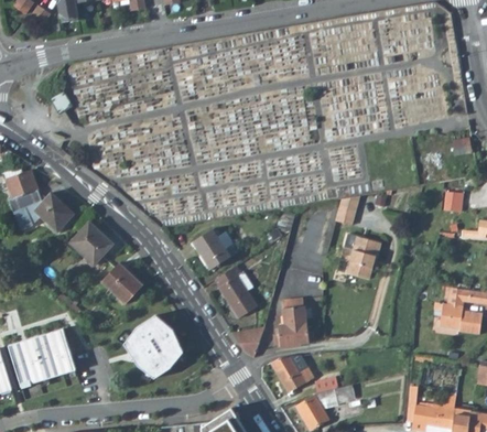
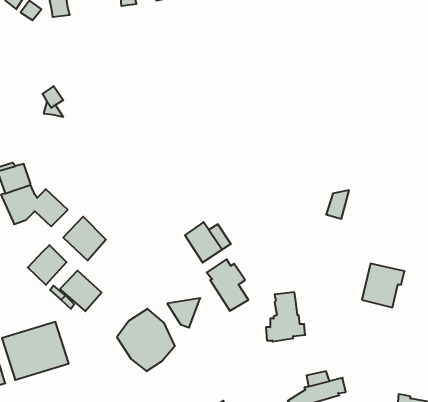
building: [337,235,380,279] -> [362,264,405,307]
building: none -> [28,245,67,285]
building: [102,263,144,304] -> [60,271,102,311]
building: [231,327,264,357] -> [167,298,200,328]
building: [270,355,313,392] -> none

